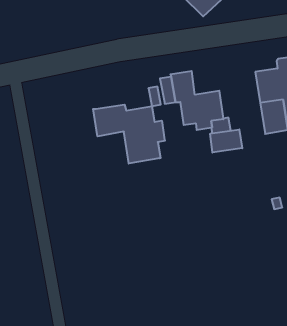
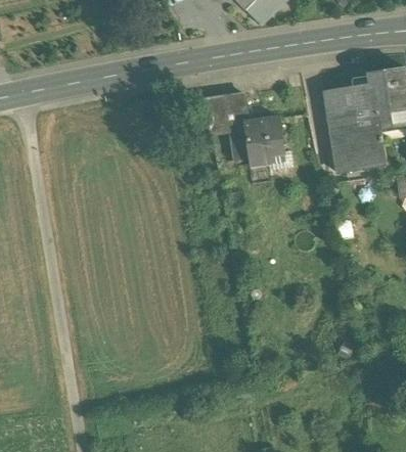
building: [93,105,165,164] -> none
building: [210,129,242,153] -> none

